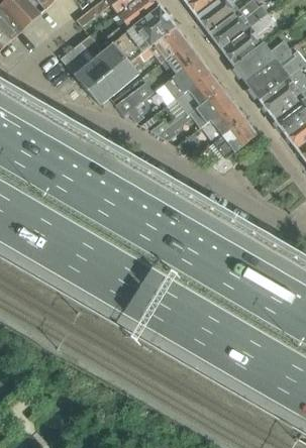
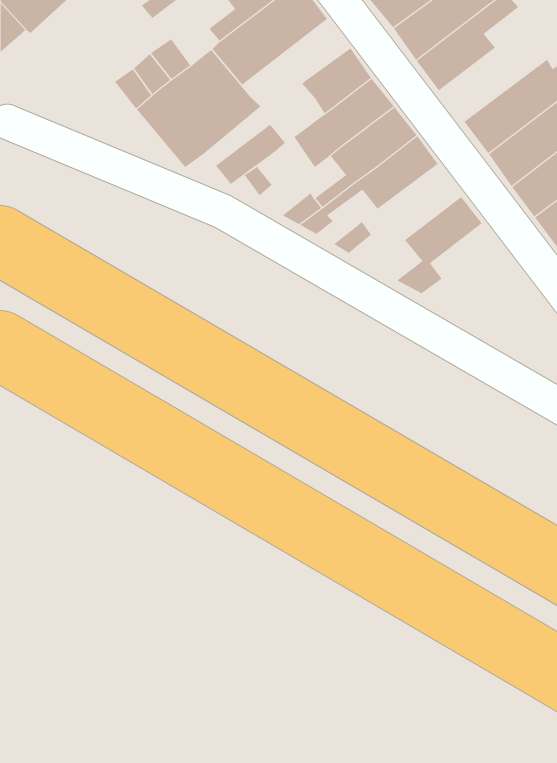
building: [128,26,186,68] -> none
building: [232,39,290,81] -> none
building: [201,103,244,143] -> none

